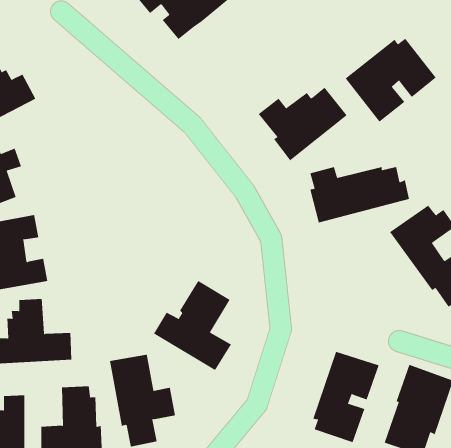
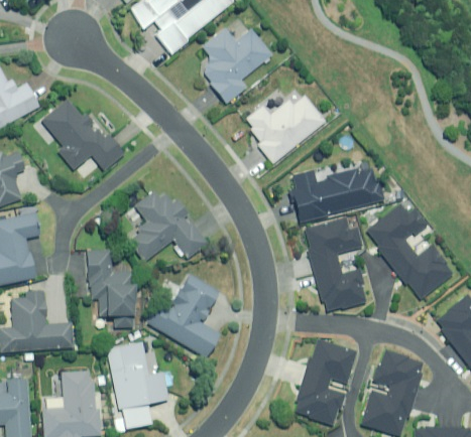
building: none -> [203,28,272,105]
building: [345,38,436,123] -> none
building: none -> [42,100,124,169]
building: none -> [128,191,208,261]
building: none -> [305,220,368,310]
building: none -> [88,250,135,327]

